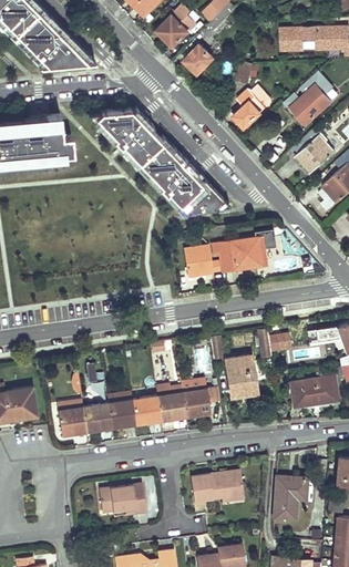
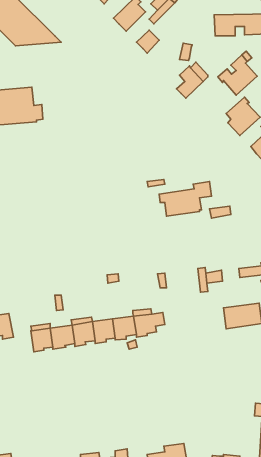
building: [84,107,228,213] -> none
building: [184,245,213,274] -> none
building: [226,362,257,395] -> none
building: [192,470,244,503] -> none
building: [274,475,306,519] -> none
building: [100,483,151,515] -> none

